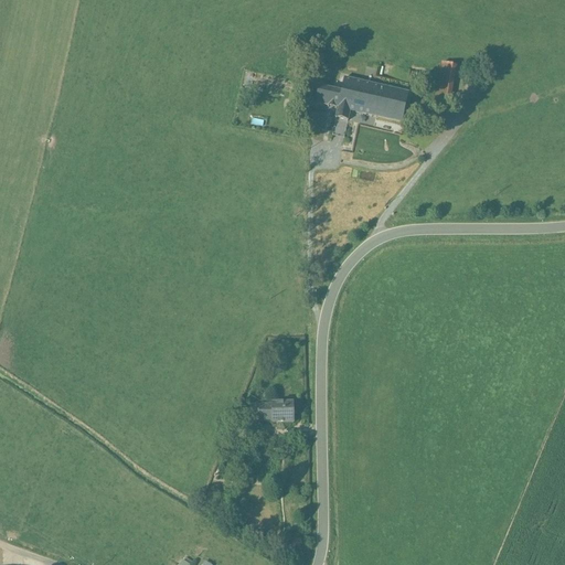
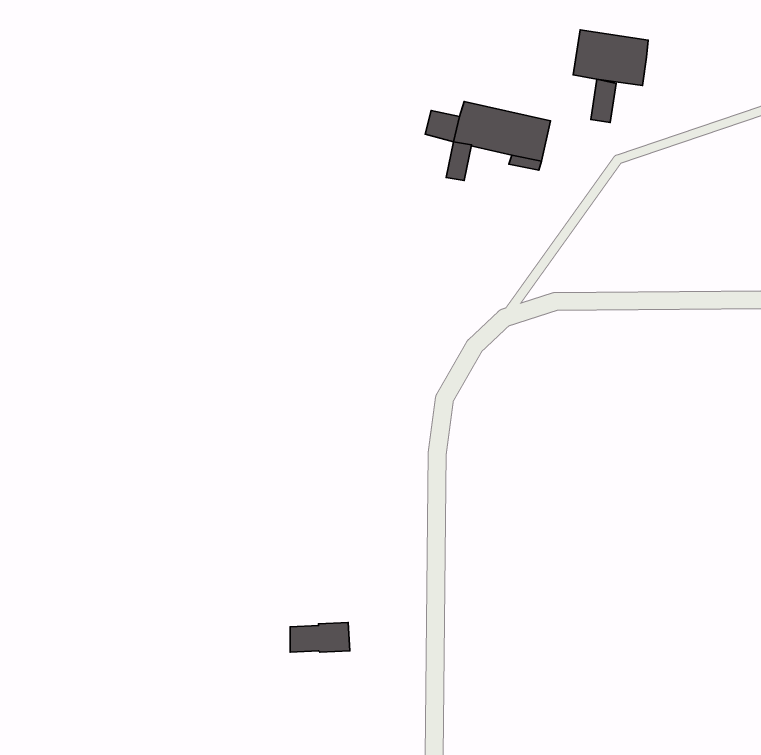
building: none -> [573,30,648,86]
building: [250,397,295,419] -> [290,622,350,652]

